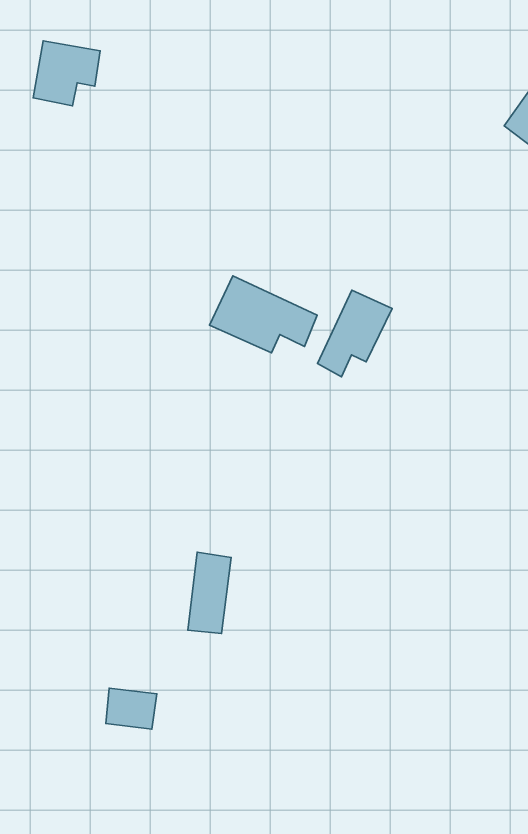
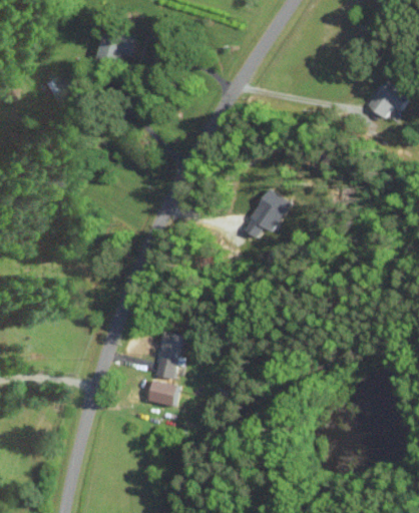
building: [210,276,317,353] -> none
building: [106,688,157,729] -> [149,381,180,407]

